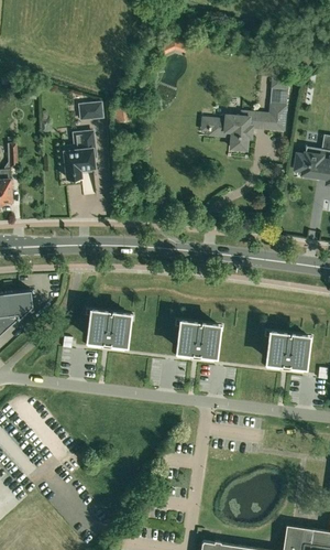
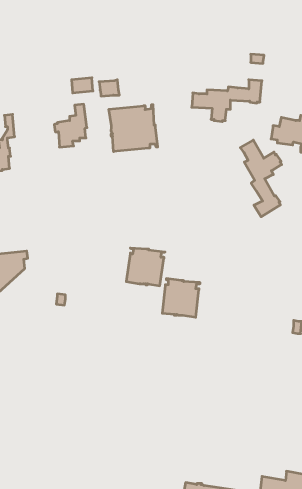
building: none -> [109,105,158,152]
building: none -> [240,140,282,217]
building: [87,311,129,352] -> [126,248,165,286]
building: [266,332,307,374] -> none

